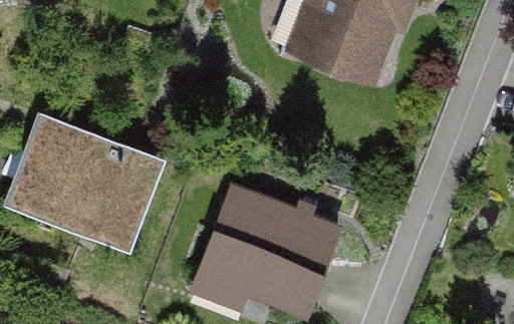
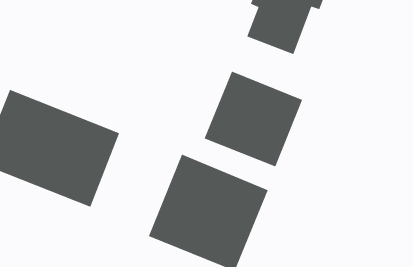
building: none -> [204,70,303,168]

